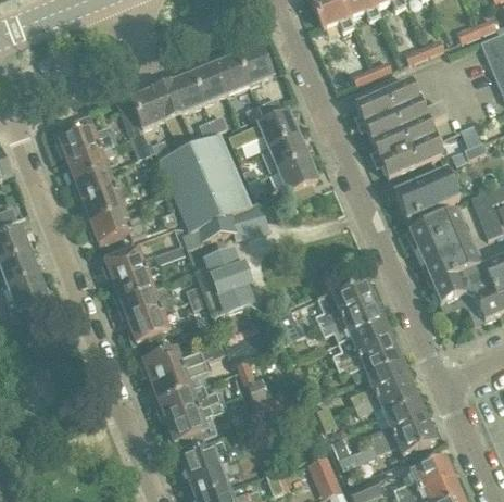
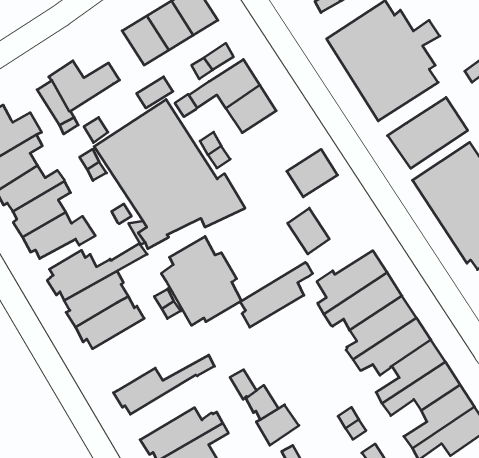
building: [152,71,209,110] -> none
building: [278,155,318,191] -> [287,149,338,197]
building: none -> [288,208,329,254]
building: [129,304,178,343] -> none
building: [151,356,213,401] -> [240,262,313,327]

